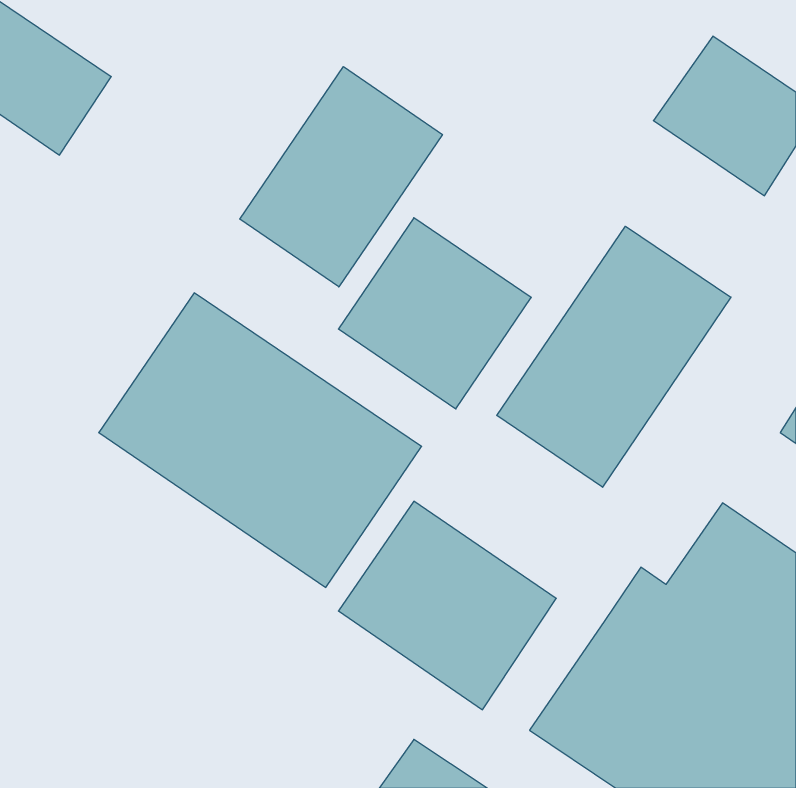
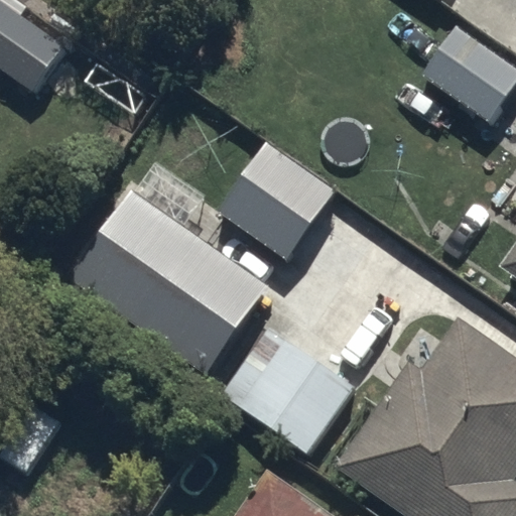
building: [240,67,442,287] -> none
building: [497,226,731,487] -> none

